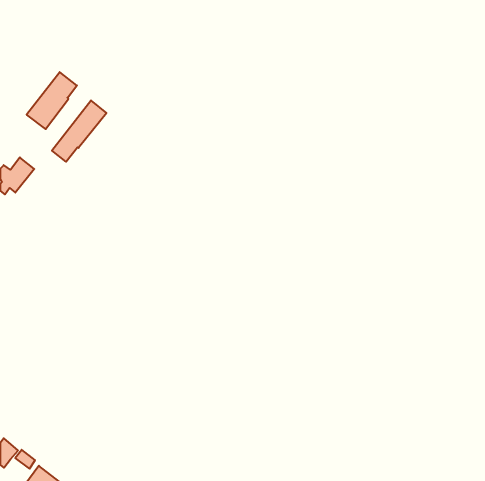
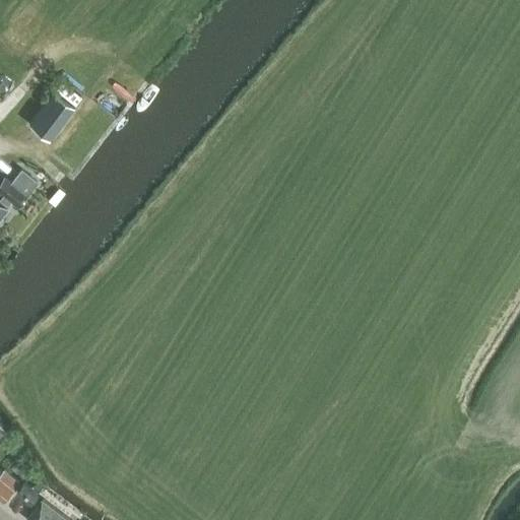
building: [52,100,106,162] -> none

